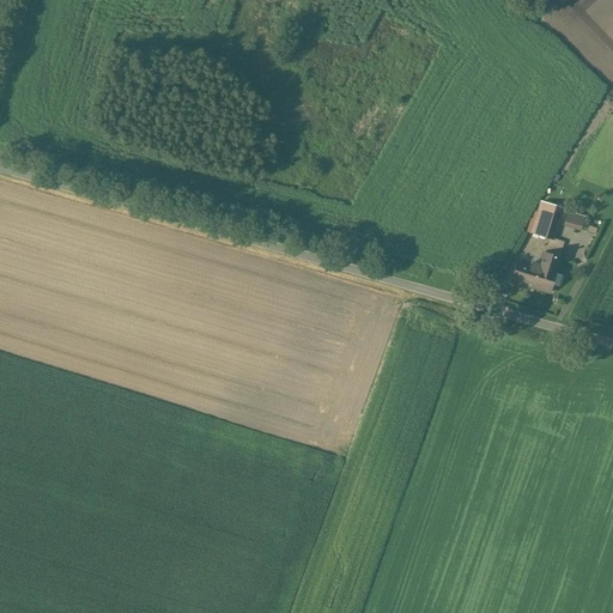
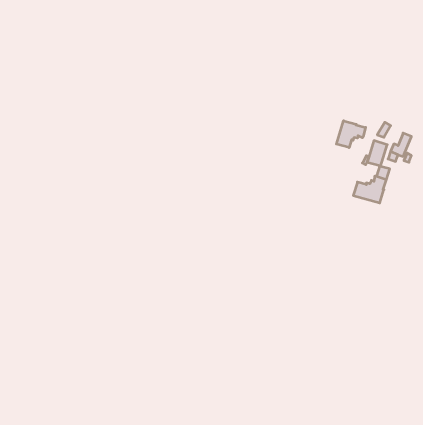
building: none -> [336,121,366,148]

